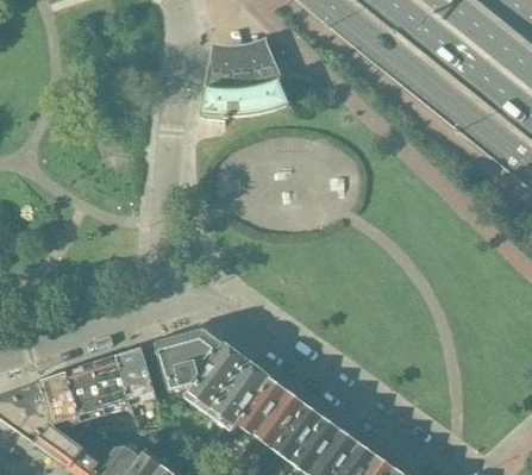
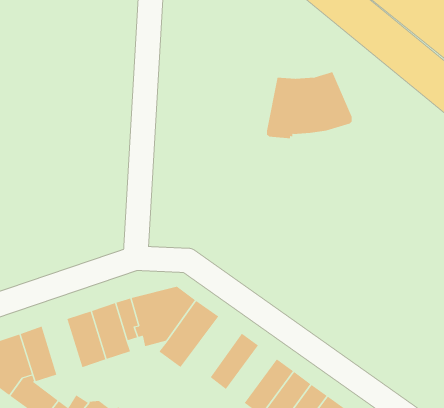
building: [200,50,288,119] -> [266,71,352,139]
building: [209,361,271,431] -> none
building: [68,363,108,420] -> none
building: [256,390,307,449] -> none

